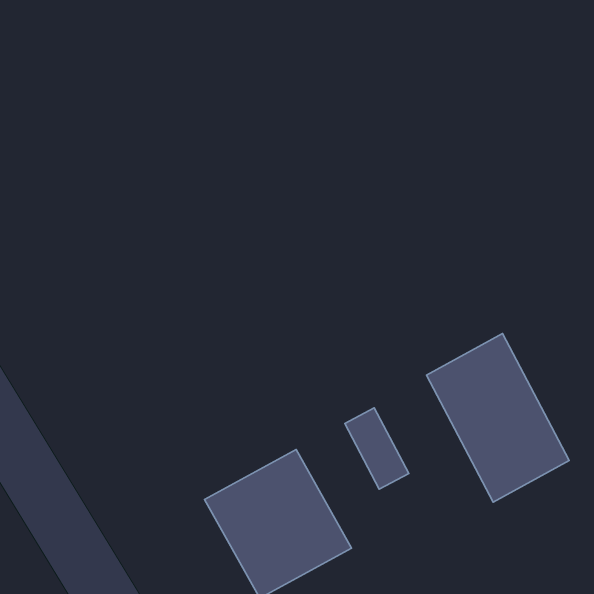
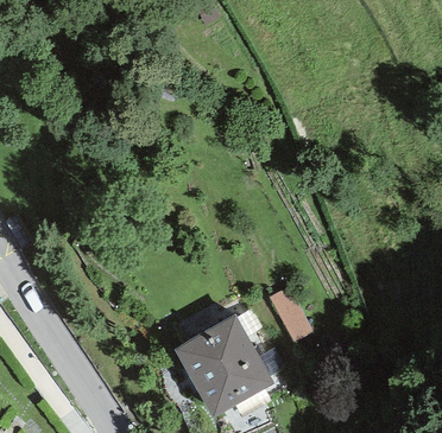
building: [426,334,569,502] -> none

